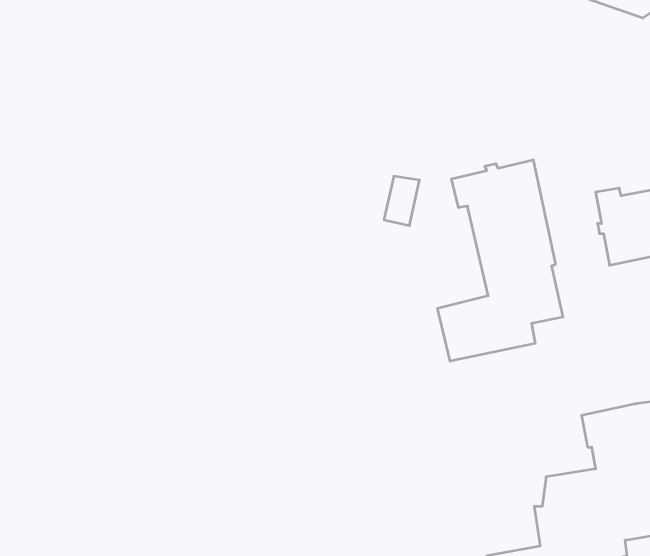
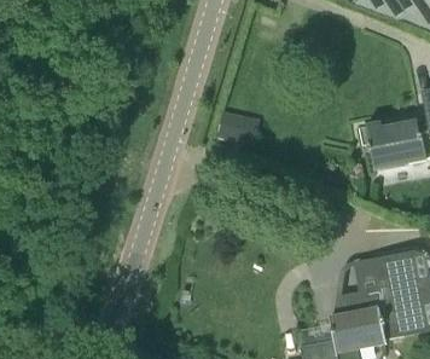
building: [438,160,563,361] -> none

